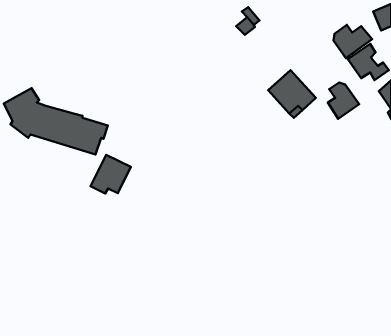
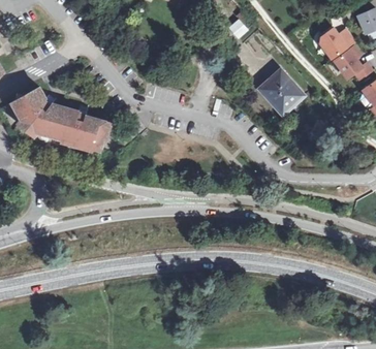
building: [328,82,359,119] -> none
building: [90,155,131,194] -> none

